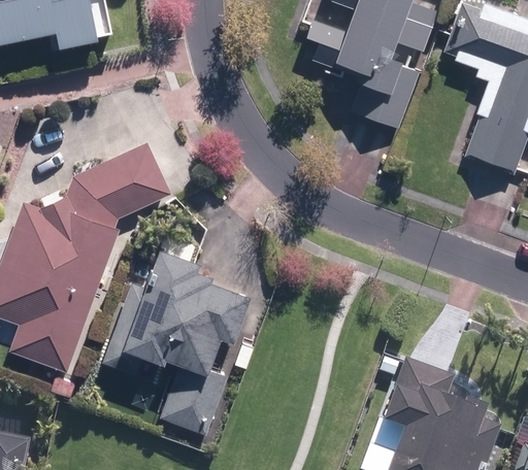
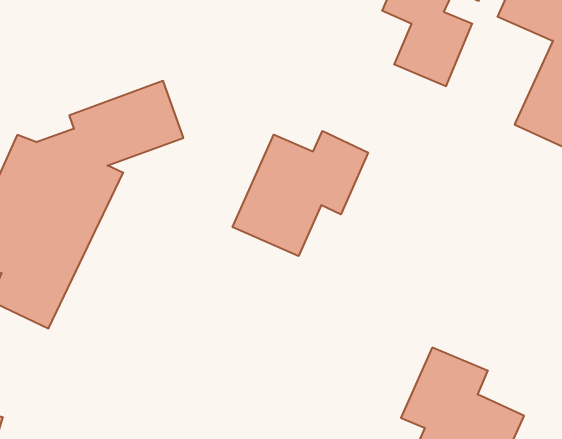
building: none -> [233,131,368,256]
building: [108,256,254,430] -> none

